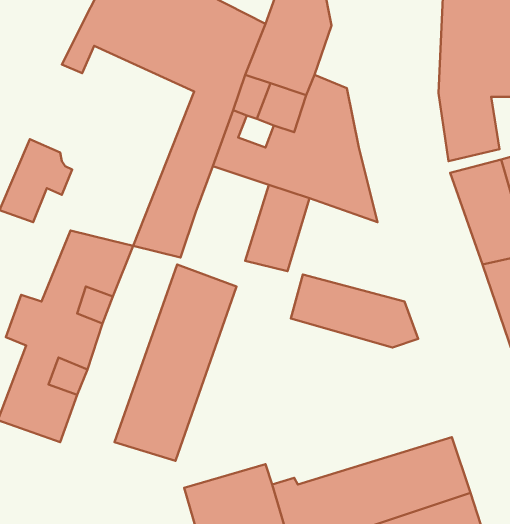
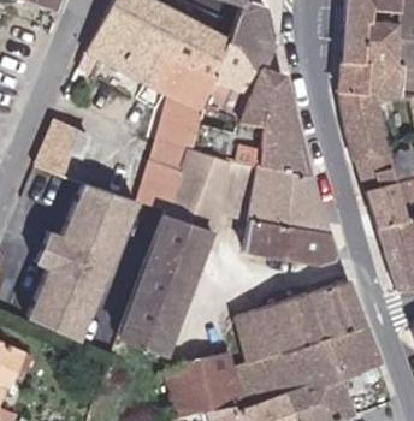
building: none -> [162,141,227,226]
building: none -> [241,164,324,237]
building: none -> [235,286,357,367]

